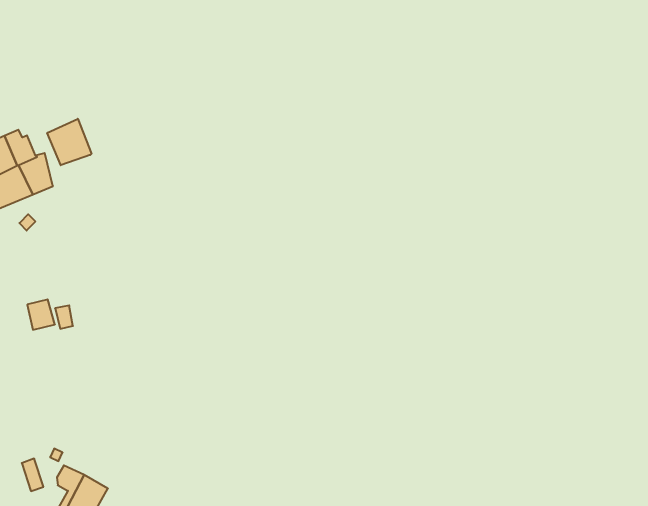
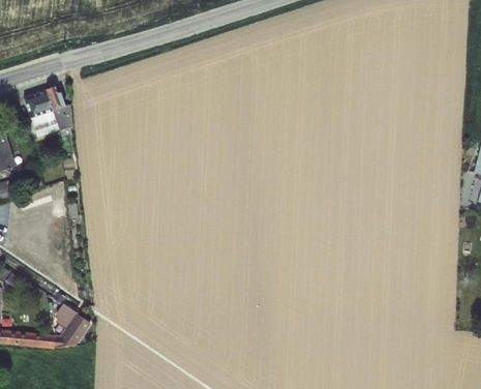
building: [47,119,91,165] -> none

